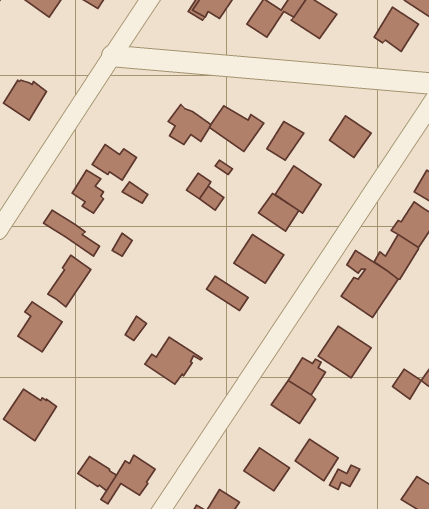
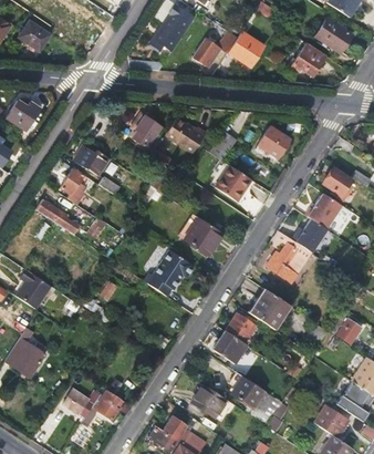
building: [258,193,299,231] -> none
building: [48,255,91,307] -> none
building: [145,337,202,384] -> [144,260,188,297]

